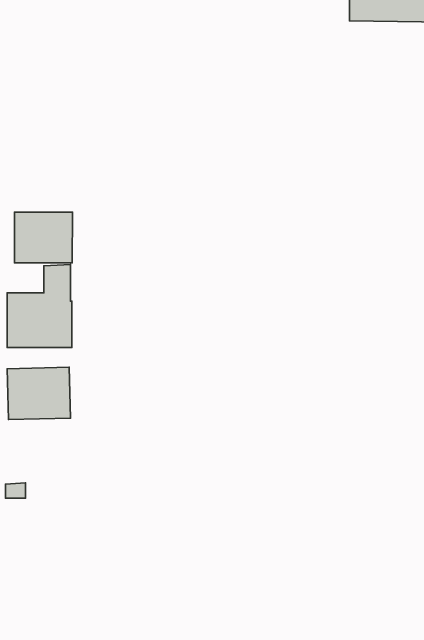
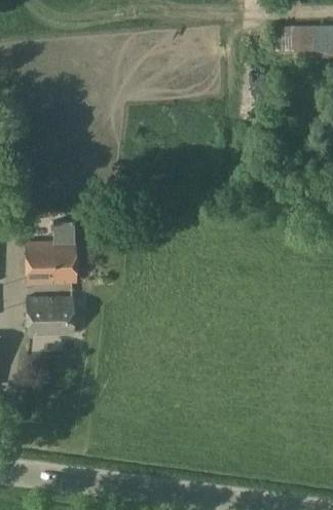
building: [14,212,73,263] -> none

